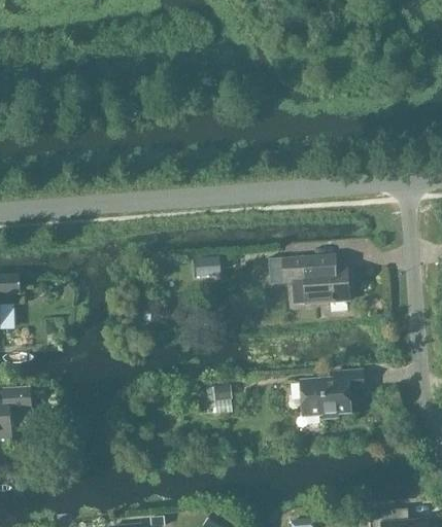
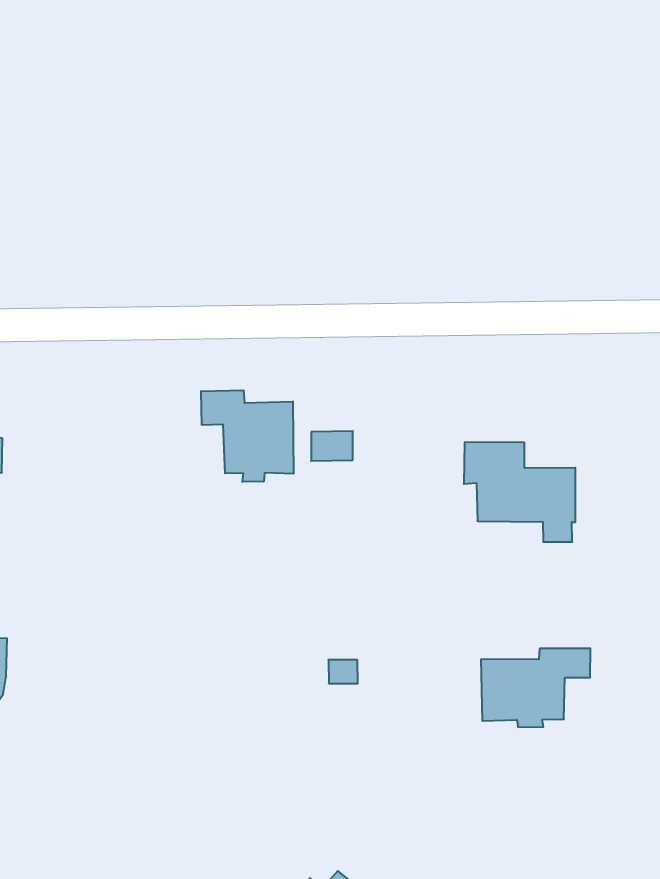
building: none -> [201,390,294,482]

